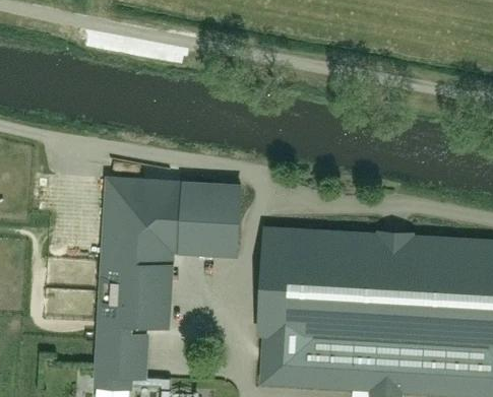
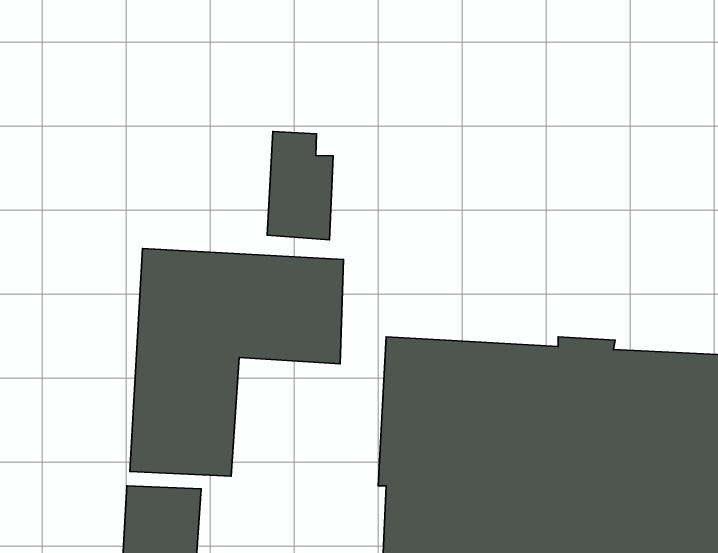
building: none -> [267,132,333,240]

